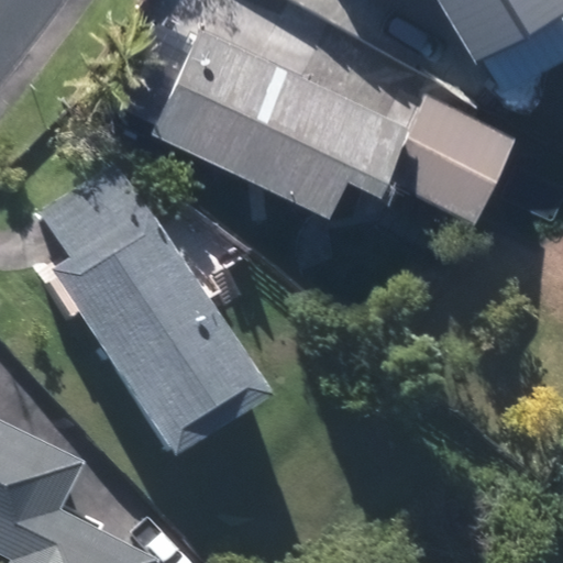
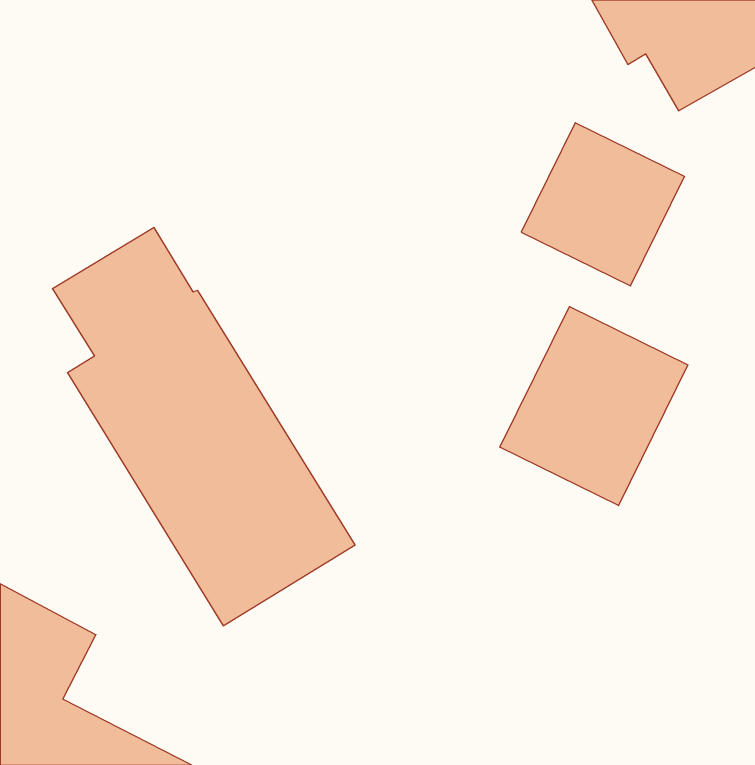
building: [156,24,405,203] -> none
building: none -> [500,307,688,506]

